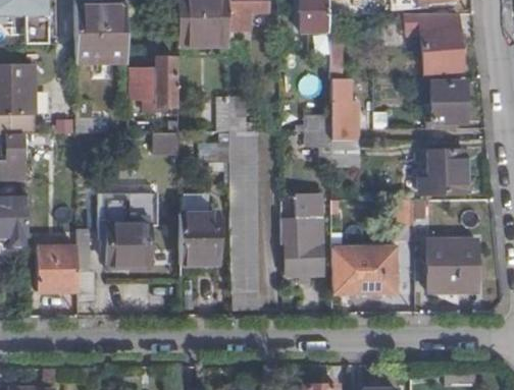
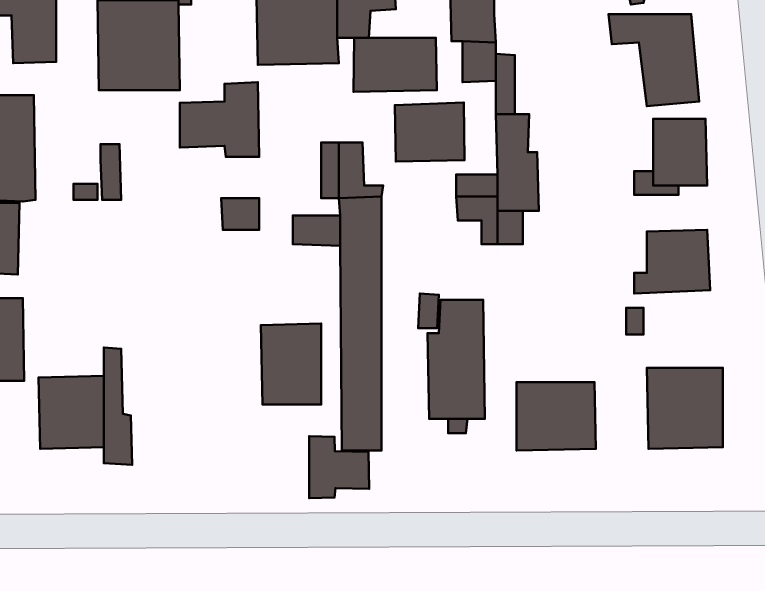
building: none -> [354,38,437,92]
building: none -> [395,102,465,161]
building: [100,194,155,264] -> none
building: none -> [309,436,369,498]

